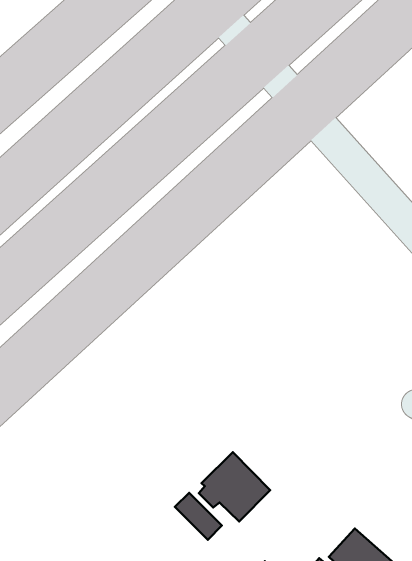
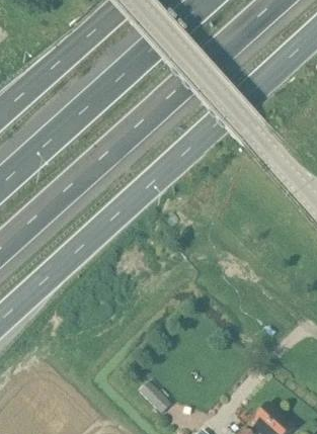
building: [199,452,270,521] -> none

